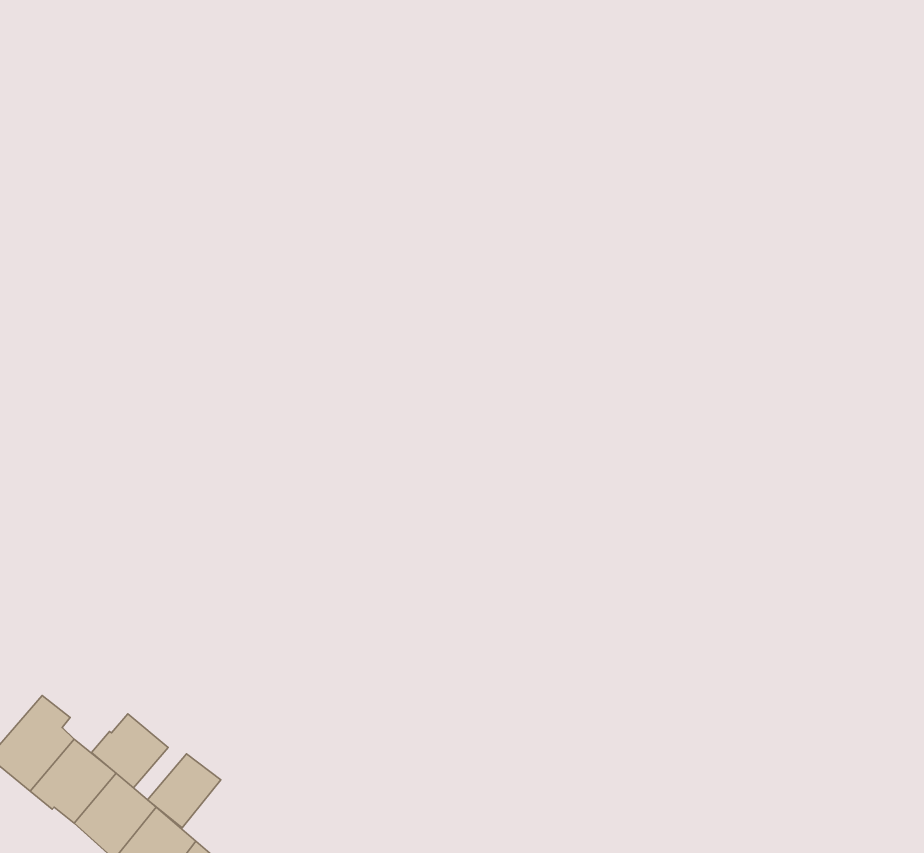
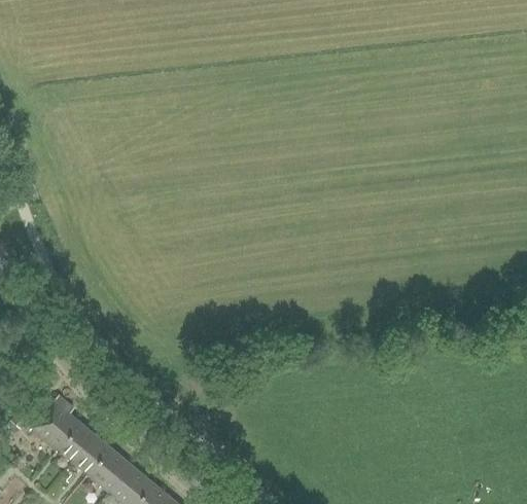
building: [91,714,168,788] -> none
building: [148,754,221,828] -> none

